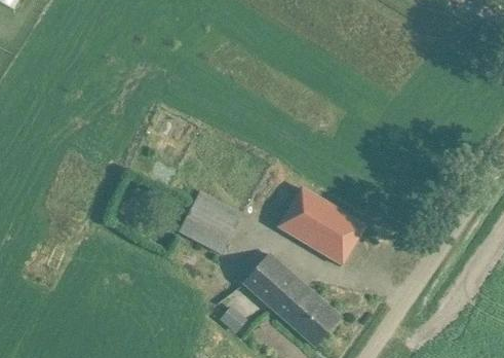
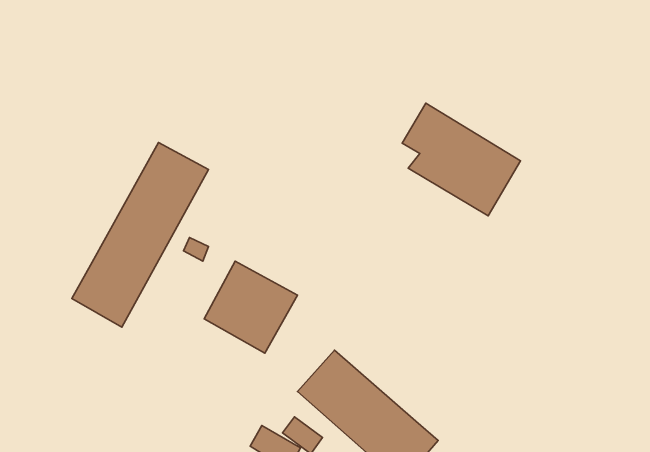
building: none -> [72,143,208,327]
building: [280,184,362,262] -> [402,103,521,216]

